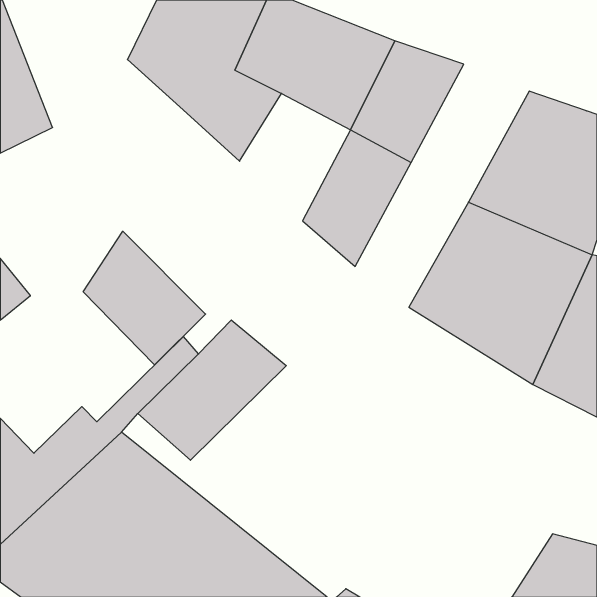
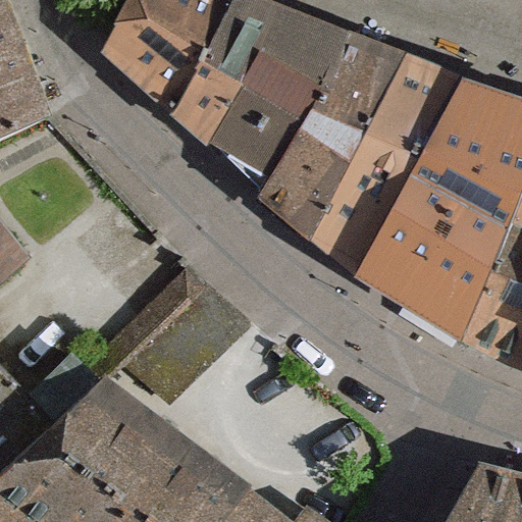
building: none -> [310,56,462,268]
building: none -> [209,82,306,193]
building: [83,231,206,365] -> none

